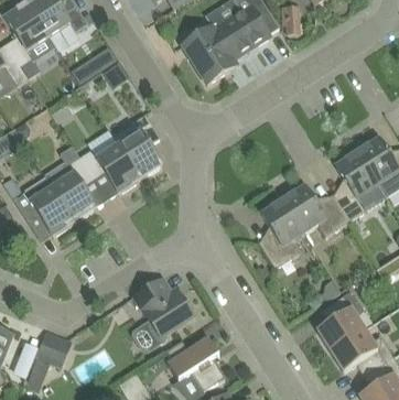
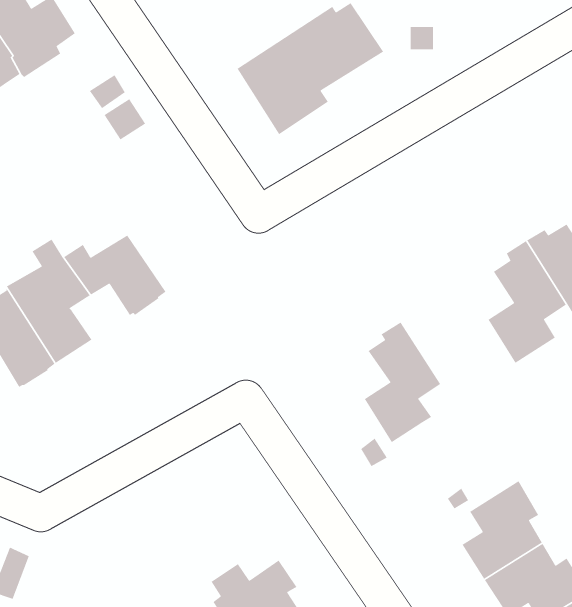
building: [117,115,162,179] -> none
building: [280,185,348,236] -> none
building: [133,279,194,344] -> none

